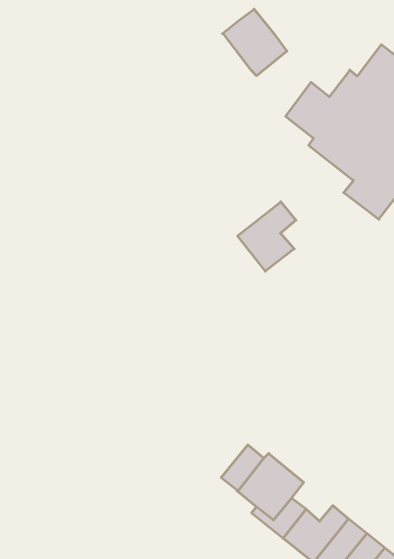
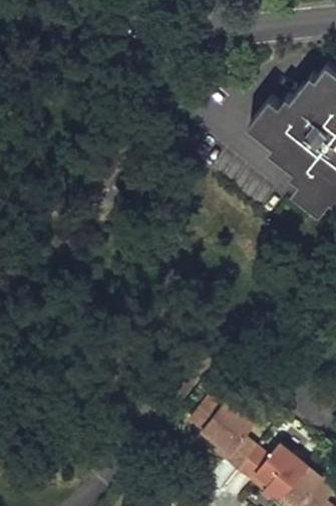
building: [222,9,287,76] -> none
building: [238,202,296,271] -> none

